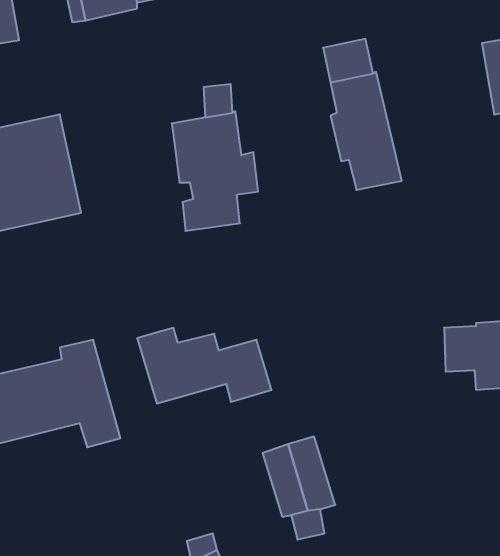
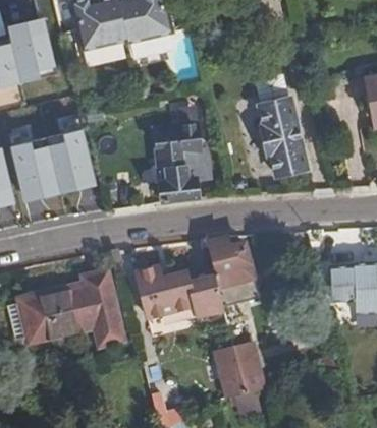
building: none -> [202,236,260,307]

